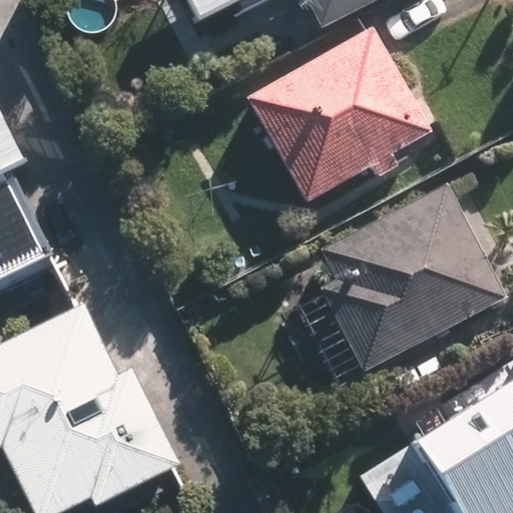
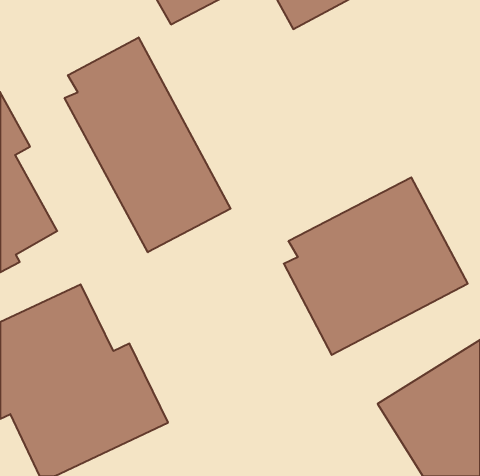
building: [242,31,435,210] -> none
building: none -> [65,37,231,252]

